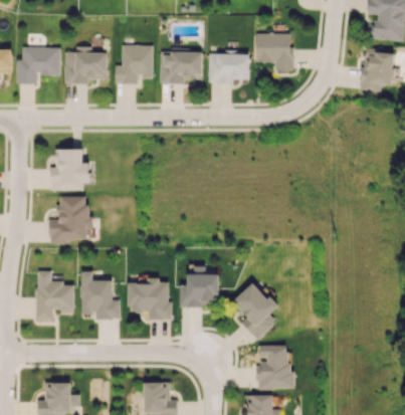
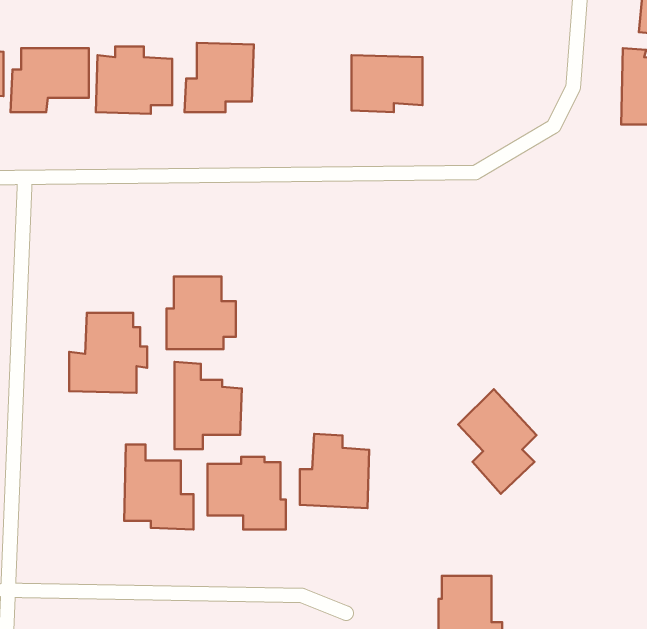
building: [256,33,292,70] -> none
building: [160,51,203,83] -> none
building: [51,149,90,190] -> [167,276,236,349]
building: [36,270,74,320] -> [174,362,242,449]
building: [233,281,277,341] -> [458,389,536,494]

